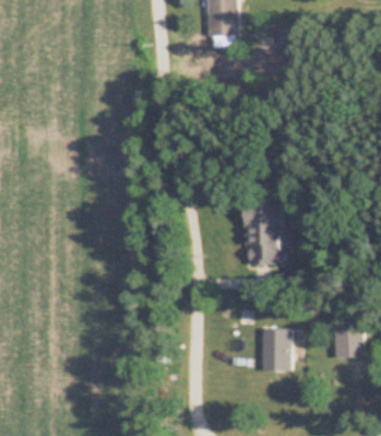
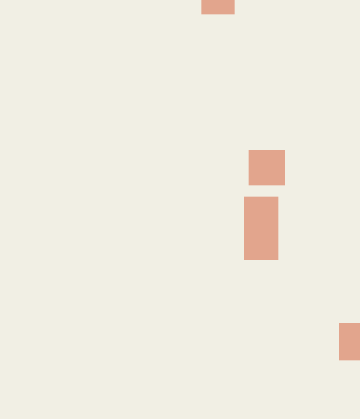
building: none -> [248,149,285,186]
building: [261,328,290,371] -> none

